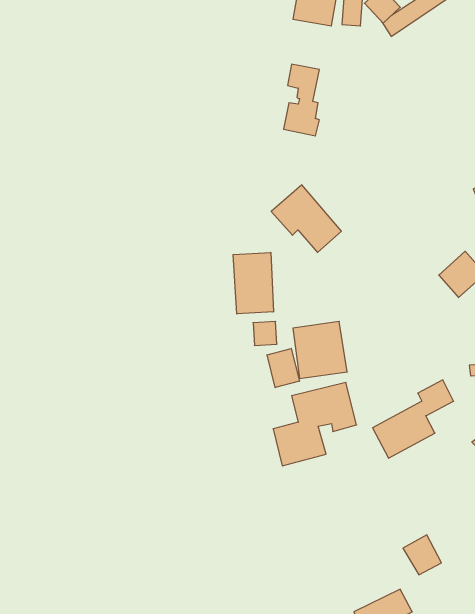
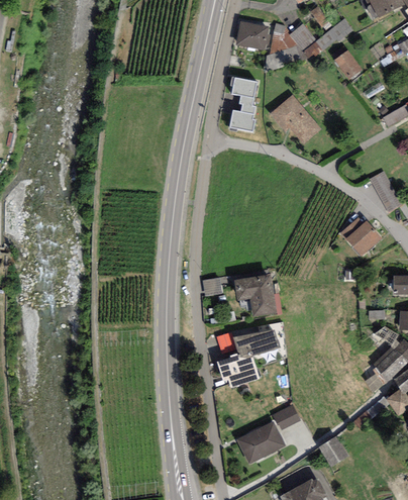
building: none -> [334,49,364,79]
building: [271,185,341,252] -> [269,93,322,144]
building: [233,252,273,314] -> none
building: [267,348,299,388] -> none
building: [373,380,454,458] -> [237,403,299,463]

